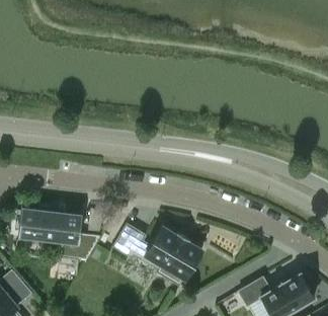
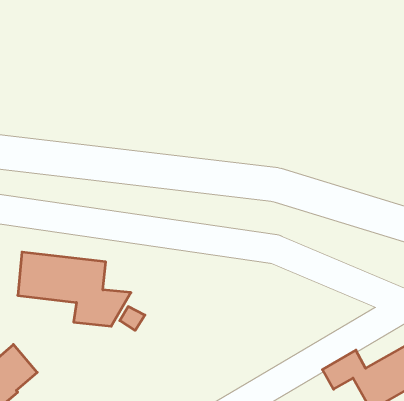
building: [112,226,201,286] -> none

